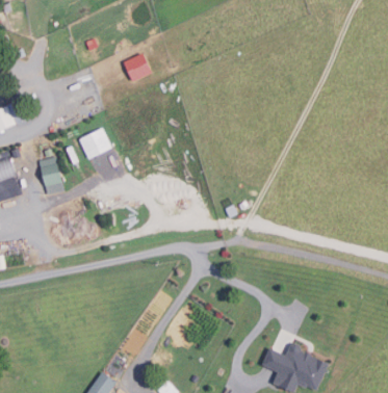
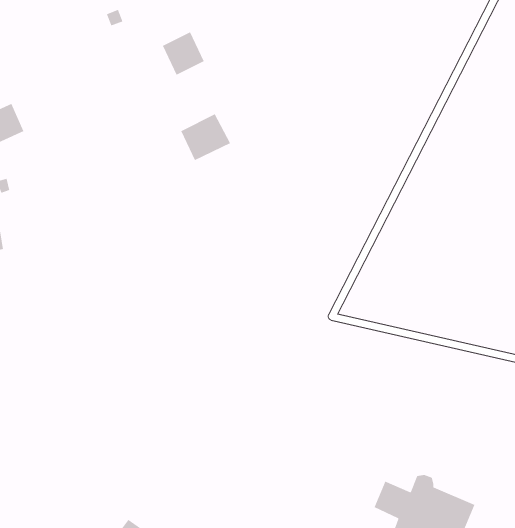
building: [81,128,114,159] -> [180,113,231,161]
building: [40,149,66,194] -> none

